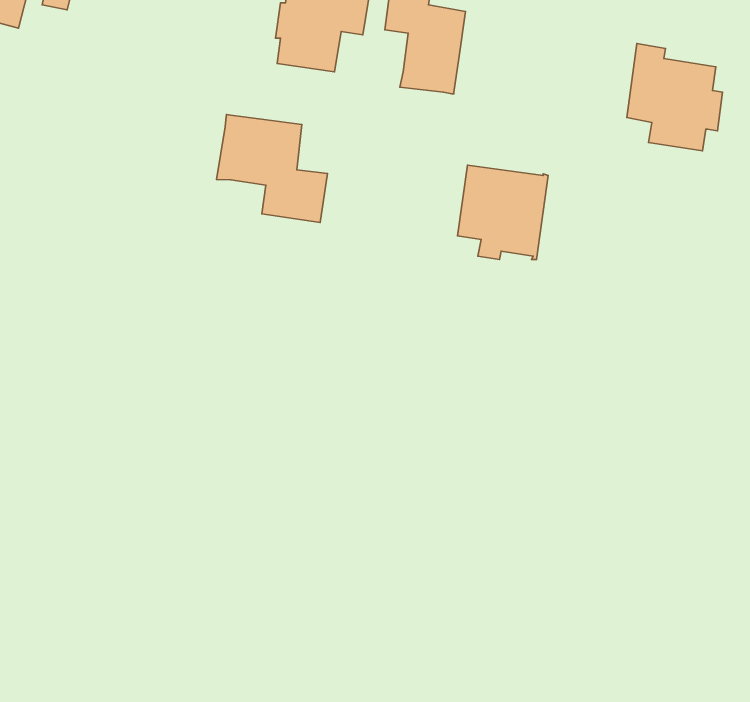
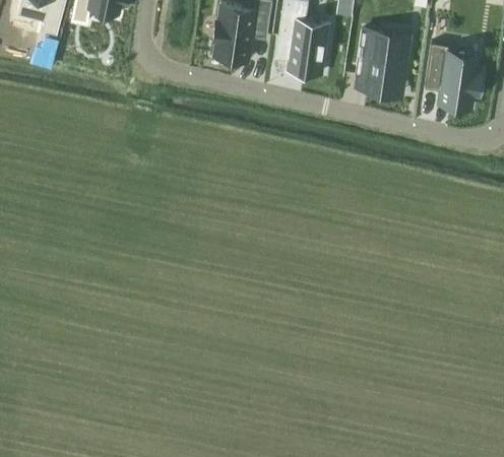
building: [217,114,328,222] -> none
building: [458,165,548,260] -> [356,31,411,88]

